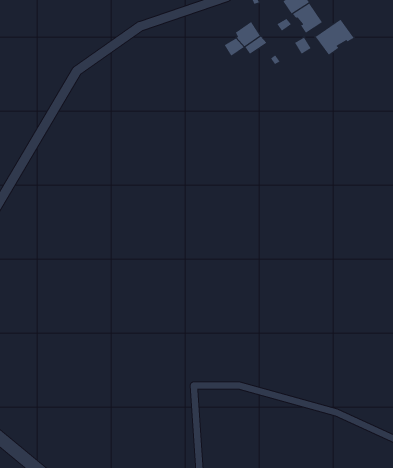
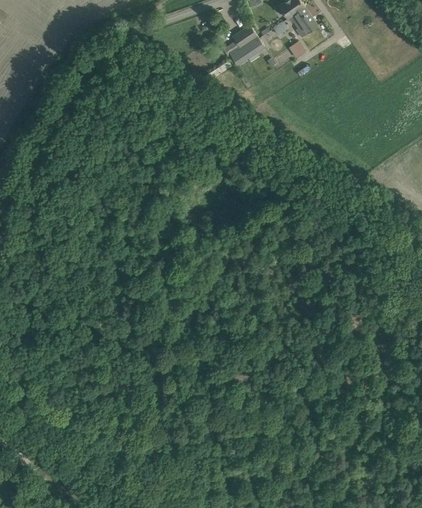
building: [315,19,354,56] -> none

